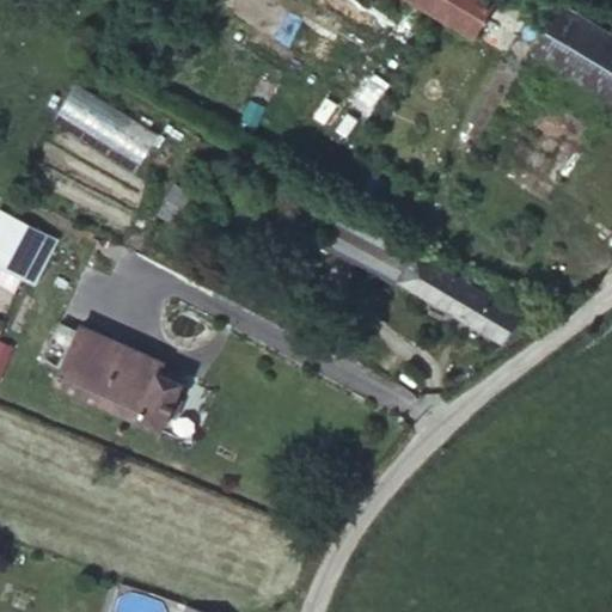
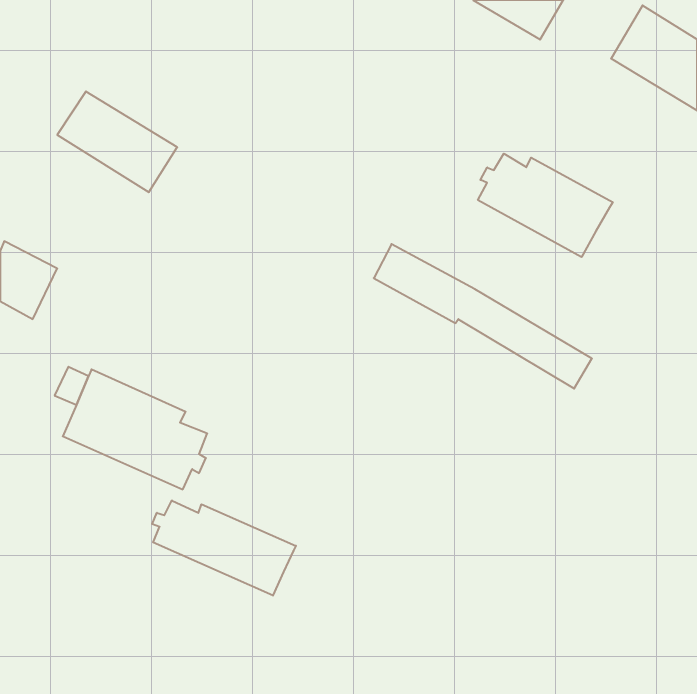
building: none -> [478,154,613,257]
building: none -> [152,500,296,596]

